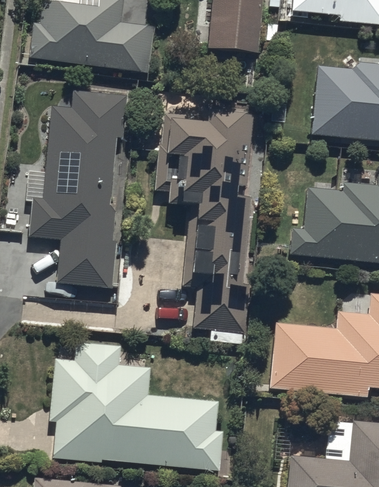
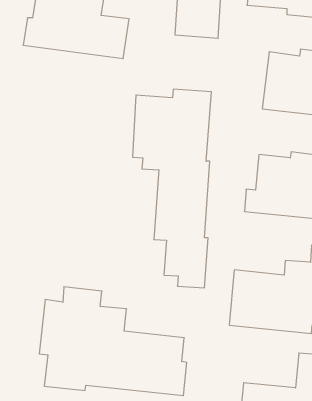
building: [26,90,126,287] -> none

